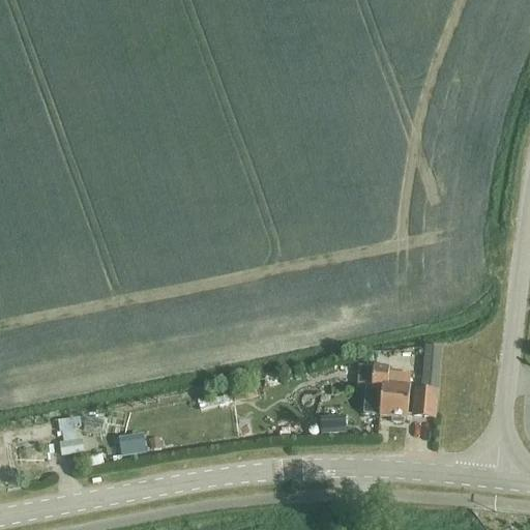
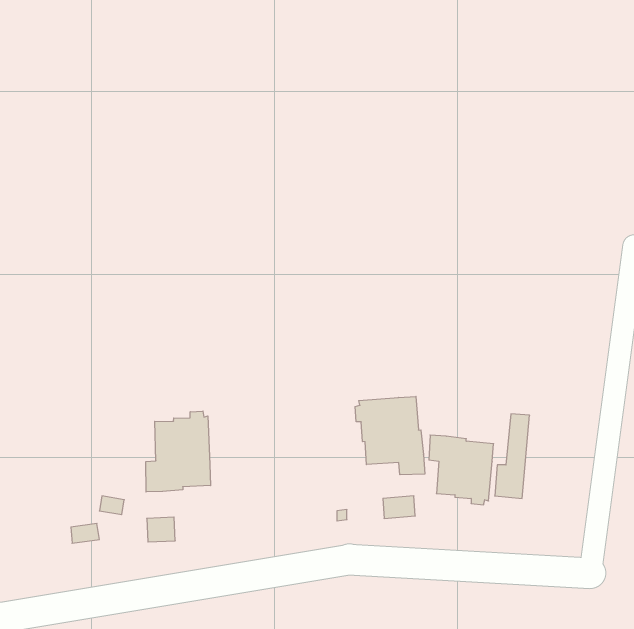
building: none -> [355,396,425,475]
building: none -> [146,411,211,492]

